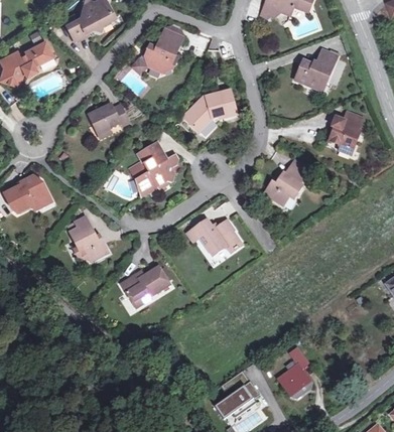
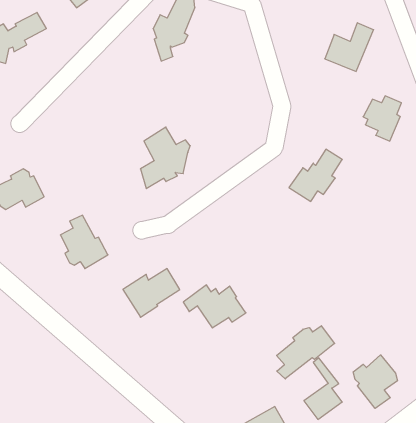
building: [182,89,237,134] -> none
building: [89,105,128,137] -> none
building: [186,219,241,256] -> [183,285,246,328]
building: none -> [277,326,335,379]
building: none -> [353,355,398,408]

